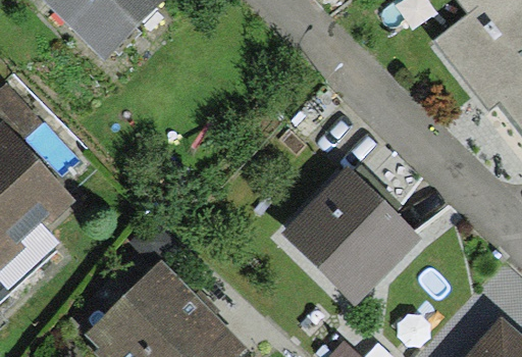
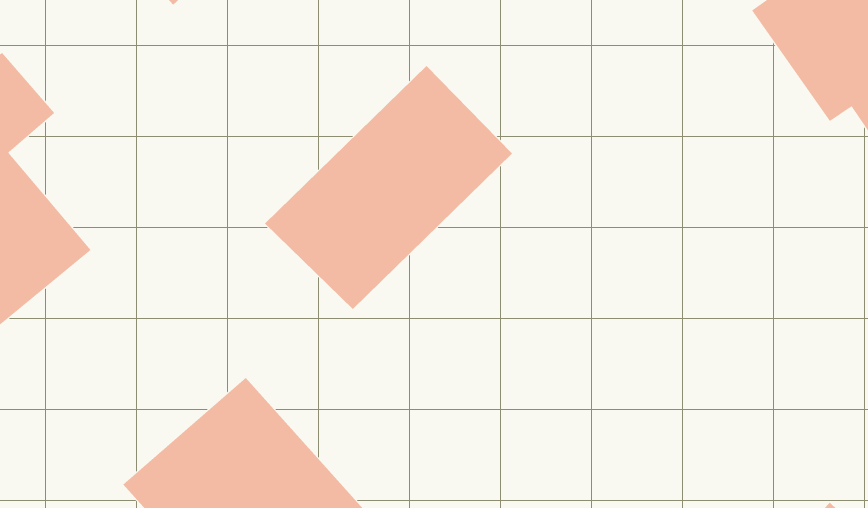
building: none -> [264,65,513,310]
building: [289,176,407,295] -> none

